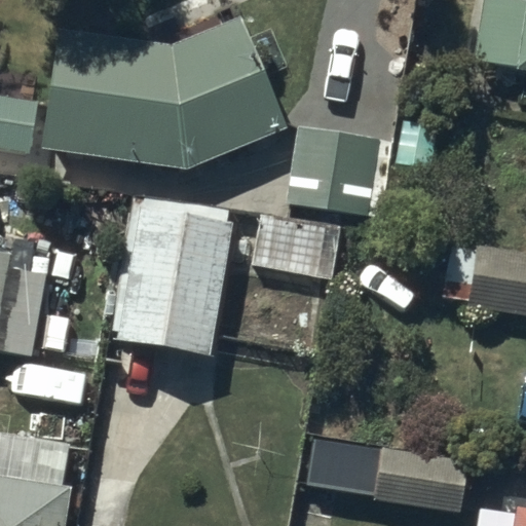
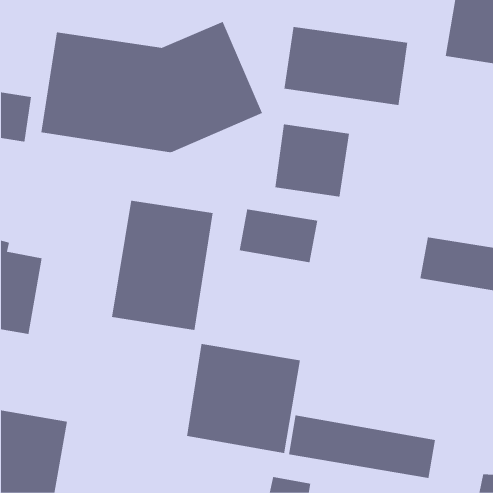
building: none -> [284,26,408,106]
building: none -> [187,343,301,454]

